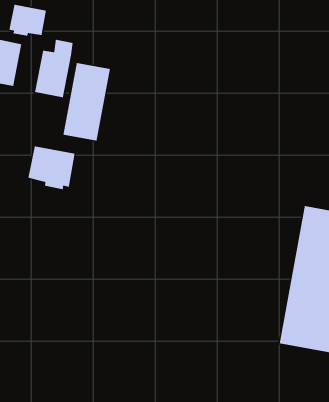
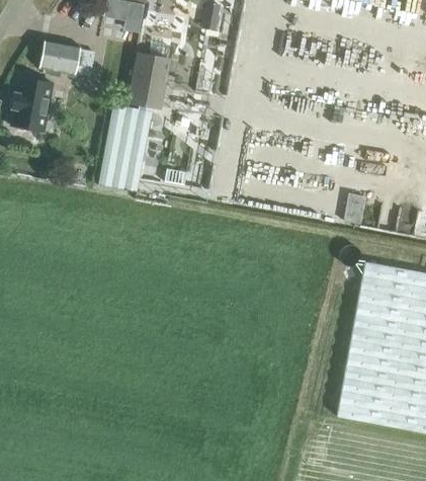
building: [34,39,74,98] -> [127,42,171,107]
building: [28,146,75,190] -> none

